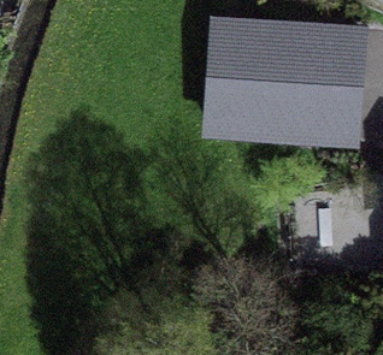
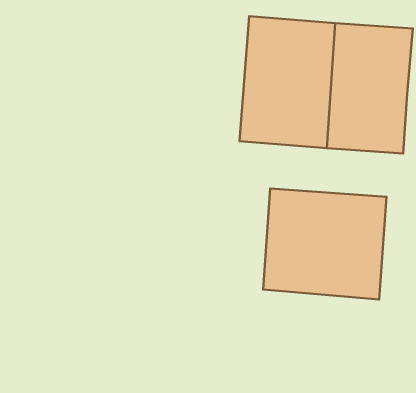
building: none -> [263,188,386,299]

